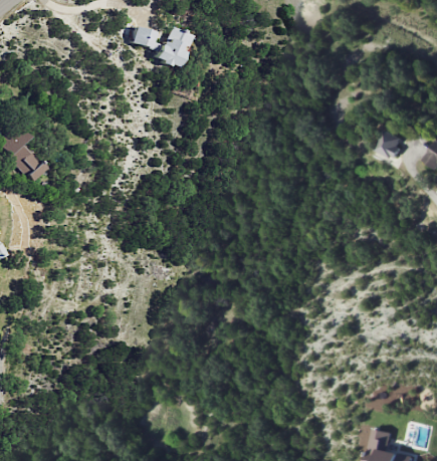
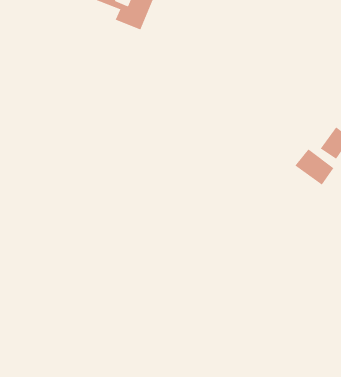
building: none -> [295,149,334,186]

